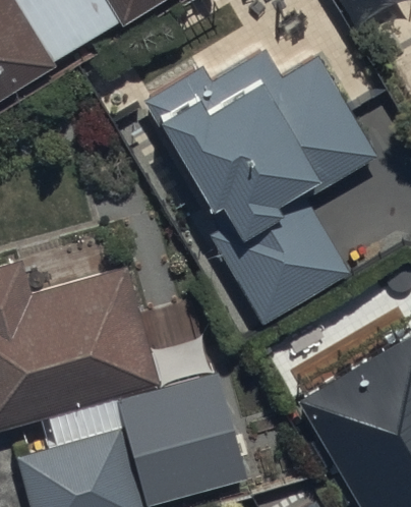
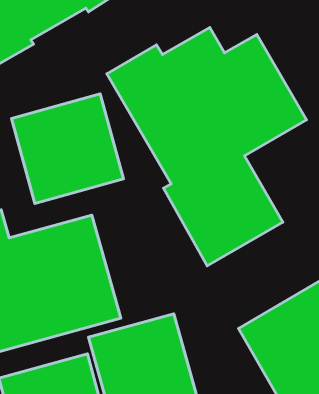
building: none -> [12,94,124,203]

